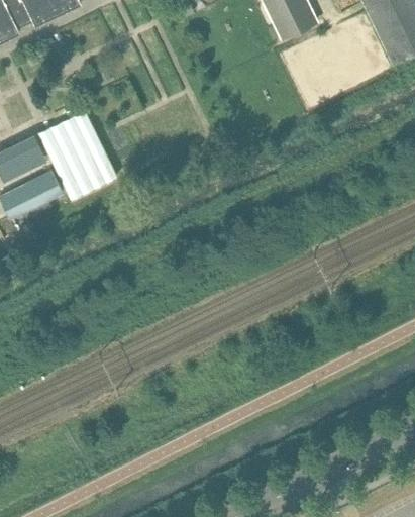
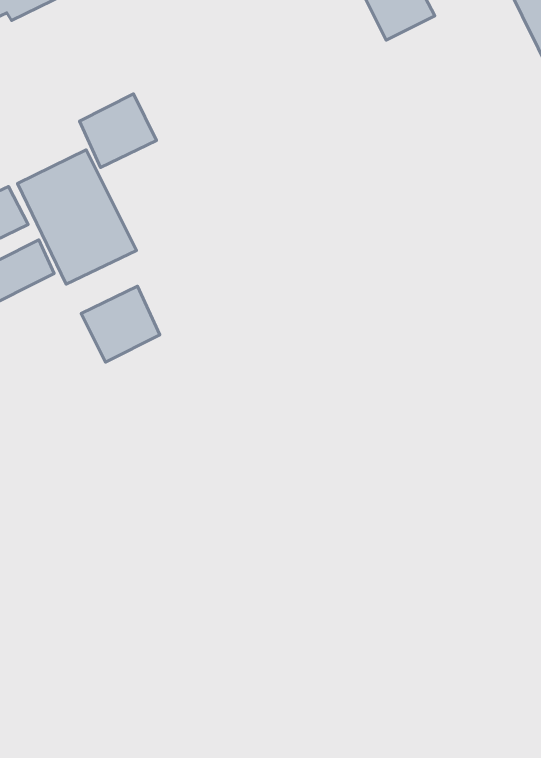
building: none -> [79,94,156,167]
building: none -> [81,286,160,362]

